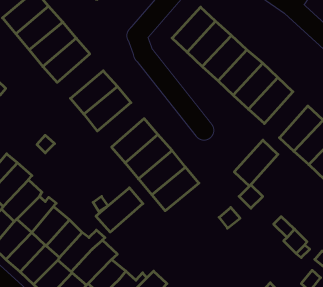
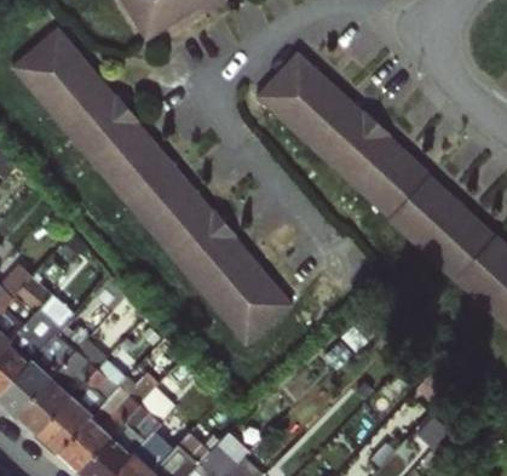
building: none -> [90,119,156,183]
building: [234,140,278,186] -> [388,173,451,240]
building: [96,188,143,232] -> [148,189,215,253]

